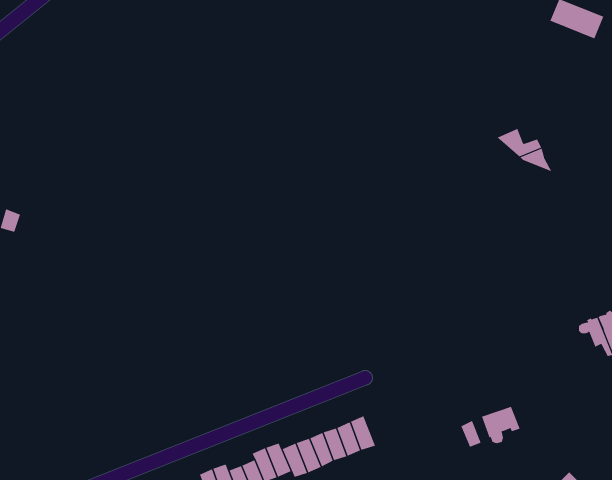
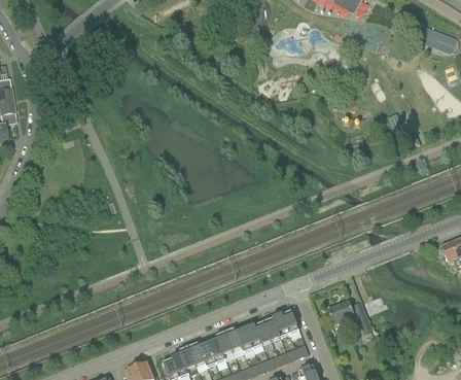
building: [481,406,521,444] -> [327,300,354,325]

